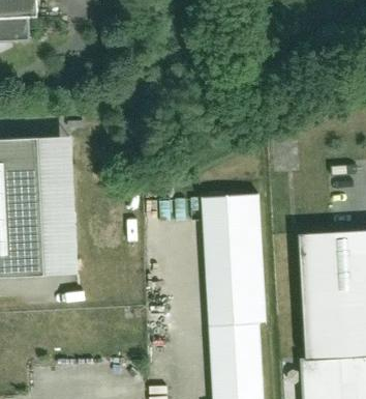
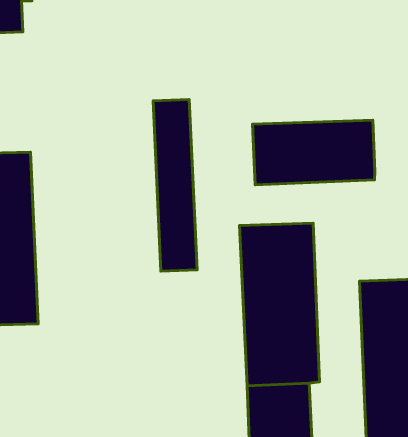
building: none -> [252,120,375,185]
building: [39,136,74,274] -> [153,99,197,271]

